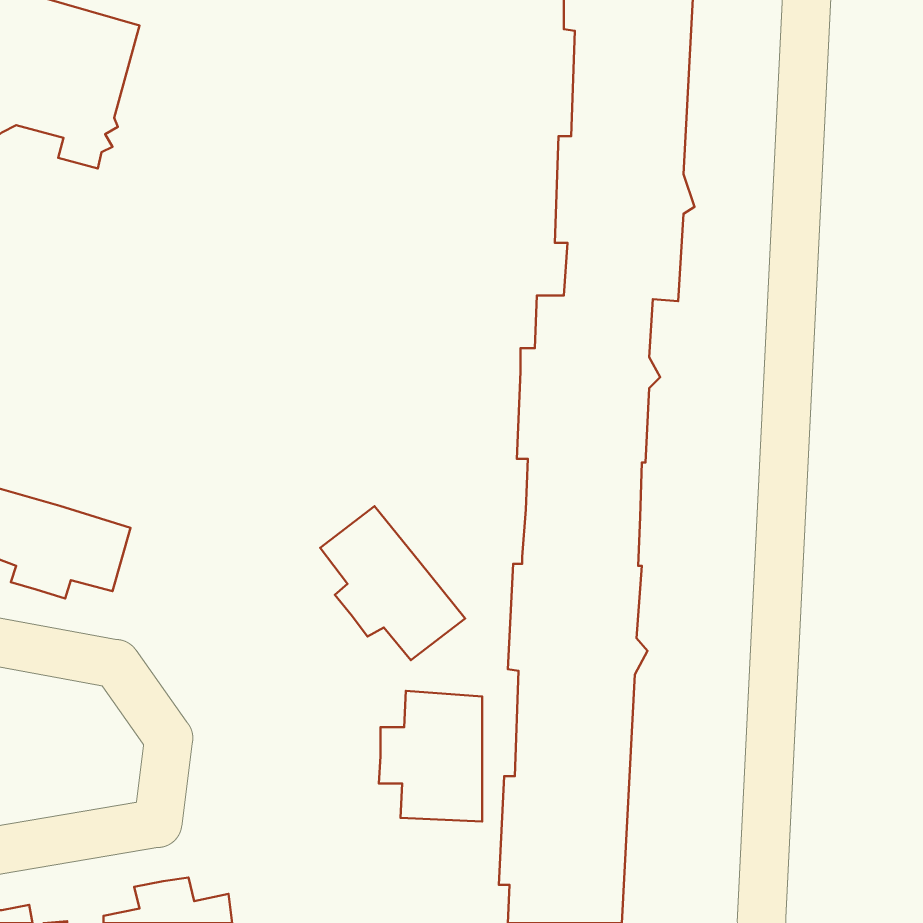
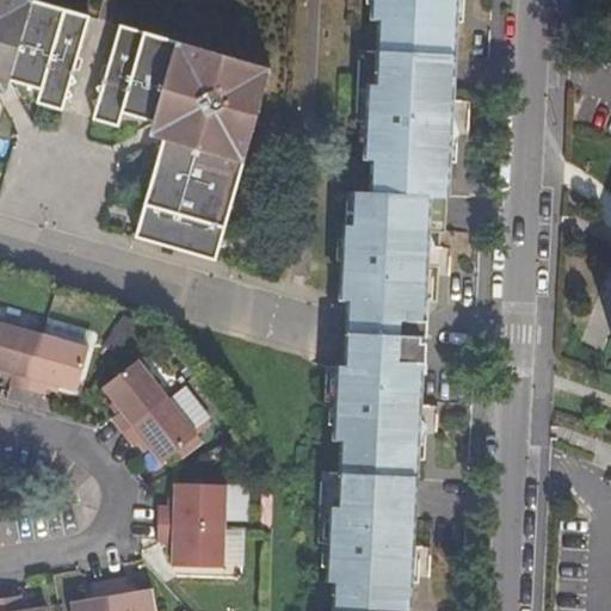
building: none -> [93,25,274,260]
building: [320,506,465,660] -> [99,360,195,462]
building: [379,691,482,822] -> [155,480,223,566]

